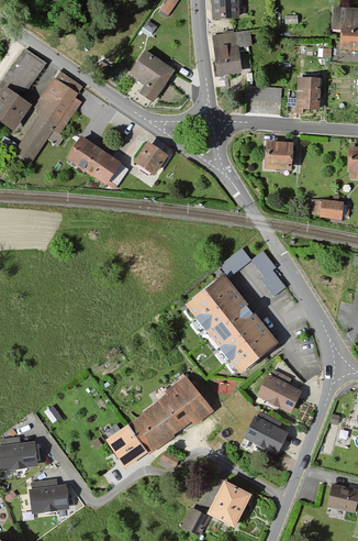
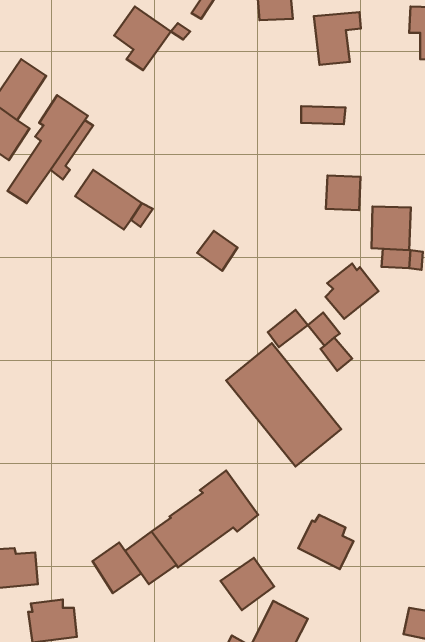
building: [213,32,250,74] -> [314,12,361,65]
building: [130,51,175,101] -> [114,6,171,70]
building: [297,78,320,110] -> none
building: [135,143,167,175] -> [197,231,237,271]
building: none -> [371,206,411,250]
building: none -> [325,263,379,319]
building: [257,371,301,412] -> none
building: none -> [93,542,141,593]
building: none -> [220,558,274,610]

